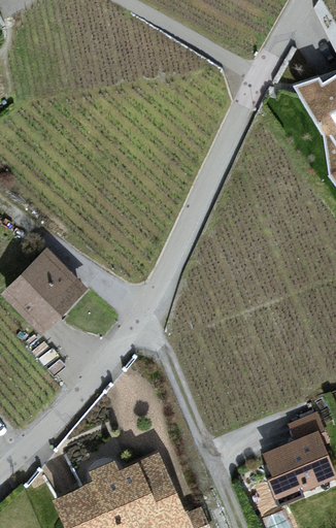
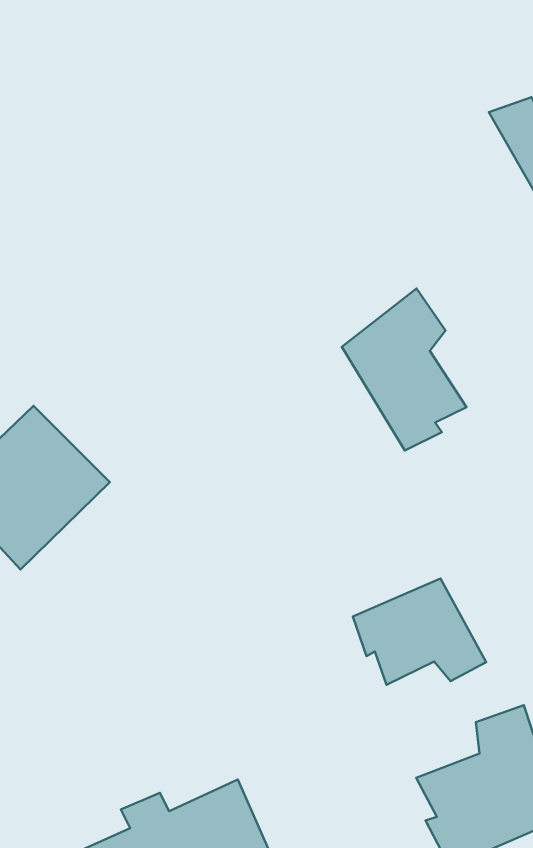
building: none -> [342,289,467,450]
building: none -> [353,578,486,685]

